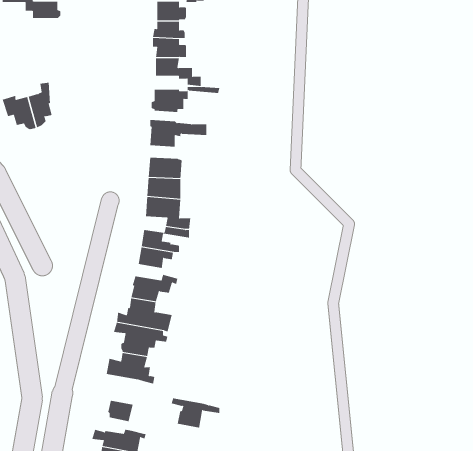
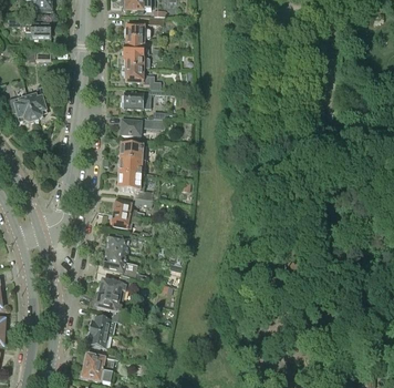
building: [171,398,220,428] -> [86,310,124,334]

